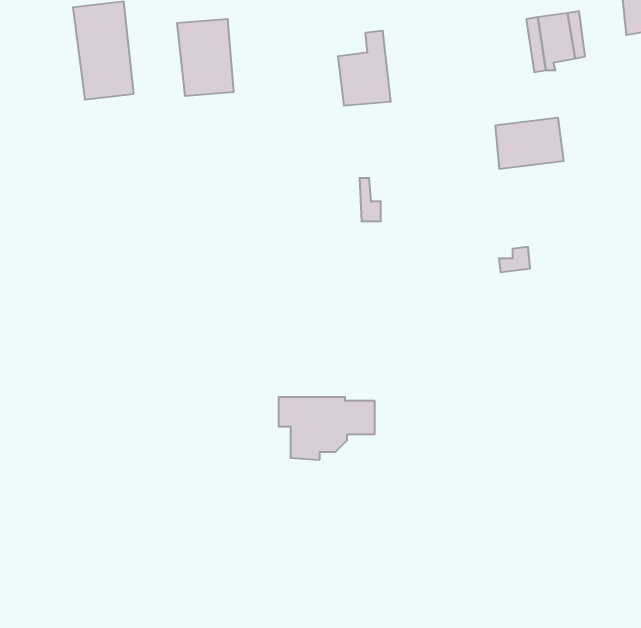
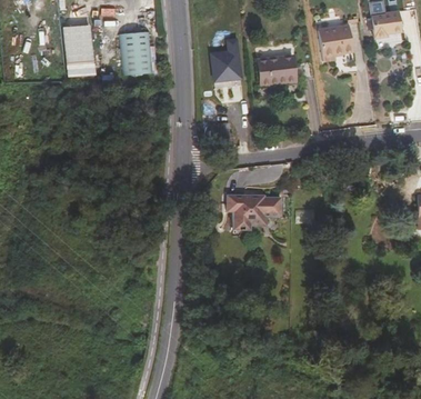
building: [495,118,564,169] -> [258,54,297,83]
building: [279,397,375,460] -> [225,196,280,231]

